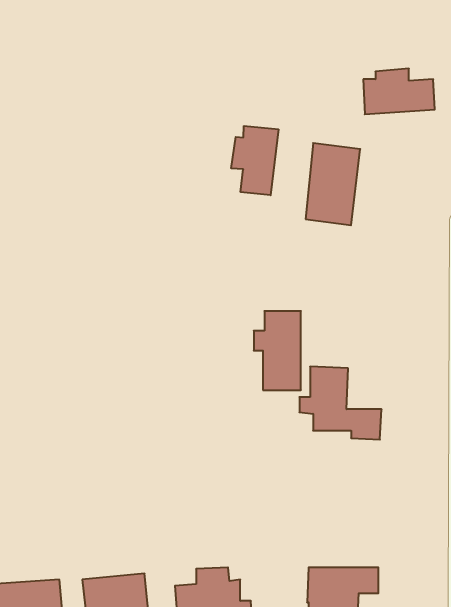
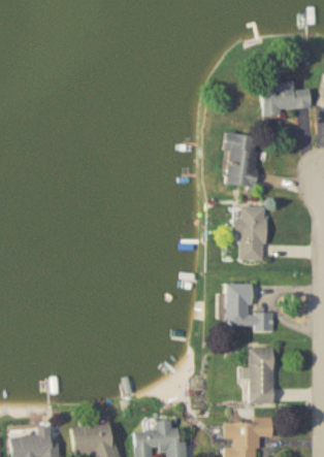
building: [231,126,278,195] -> none
building: [254,311,301,390] -> [233,206,265,260]
building: none -> [249,349,273,403]

